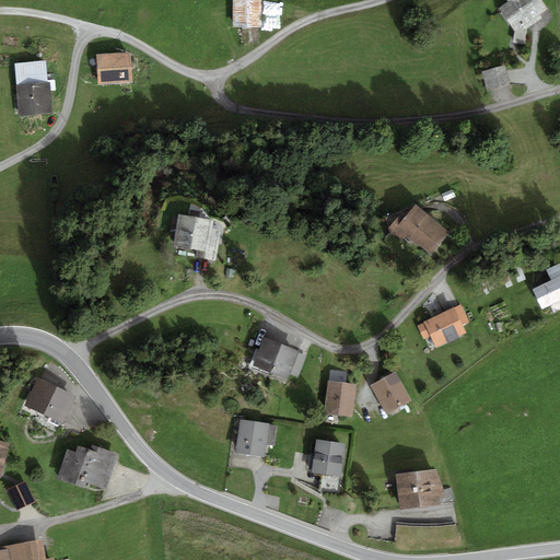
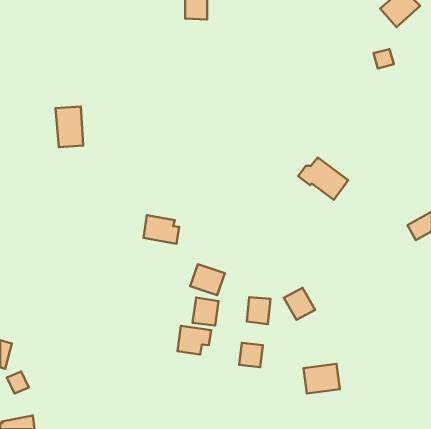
building: [98,50,135,78] -> none
building: [15,59,51,112] -> [55,106,83,147]
building: [175,212,221,249] -> [144,215,179,244]
building: [415,304,469,349] -> none
building: [26,376,77,421] -> none
building: none -> [193,298,218,325]
building: [66,443,126,489] -> none

